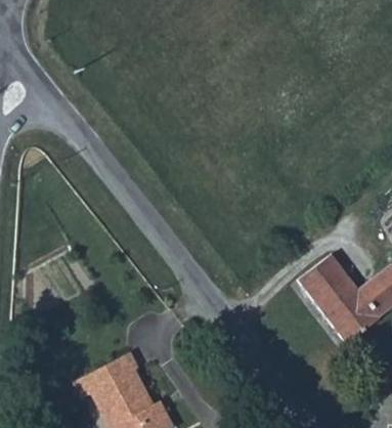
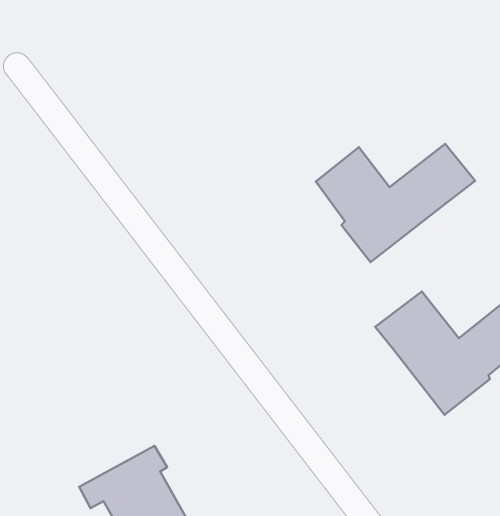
building: none -> [316,144,475,262]

